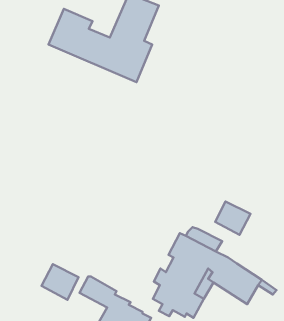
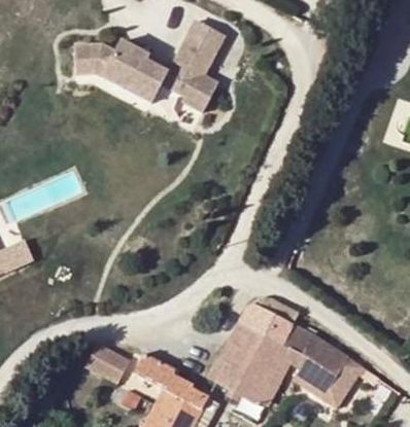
building: none -> [74,41,100,74]
building: [215,201,251,235] -> none

